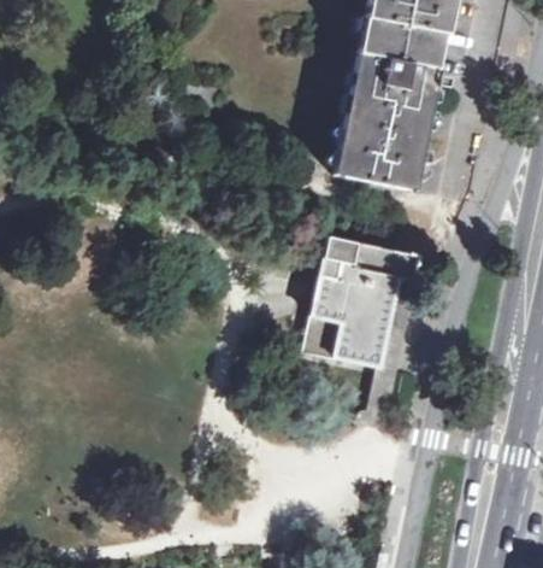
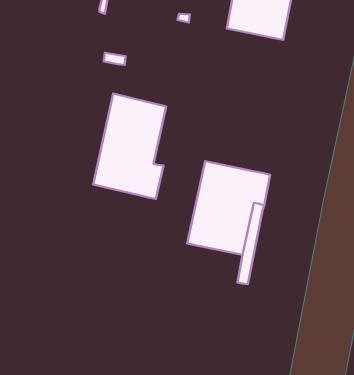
building: [334,51,437,188] -> none
building: none -> [93,94,166,199]

